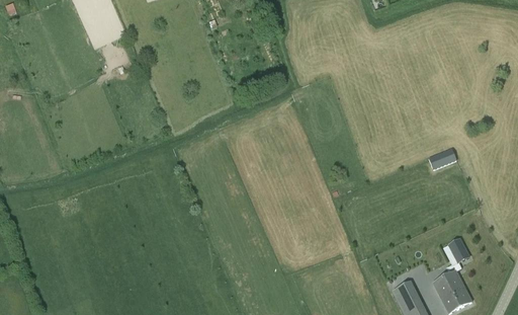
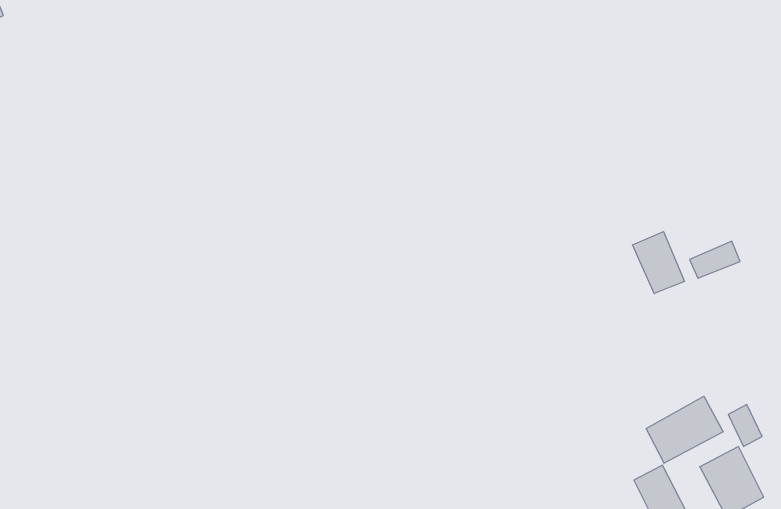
building: none -> [633,232,684,294]
building: none -> [646,396,723,463]

